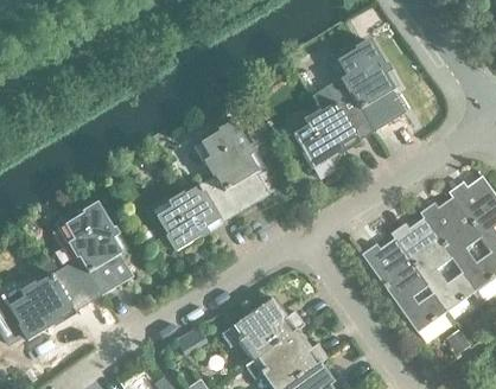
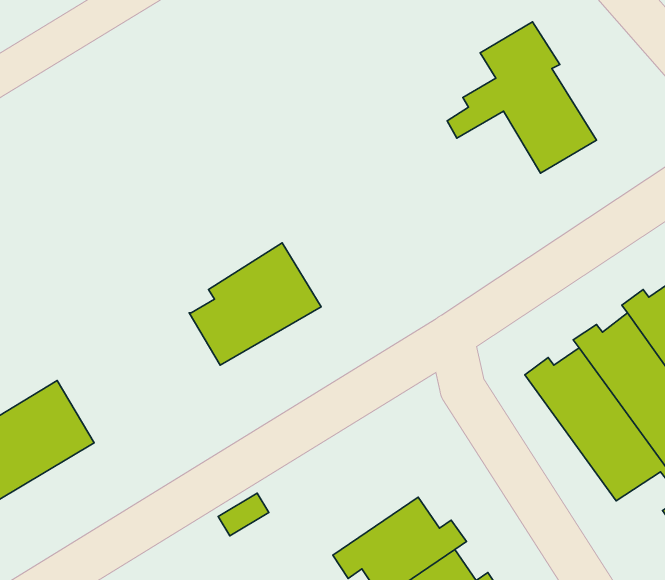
building: [294,93,373,166] -> none
building: [203,121,271,212] -> none
building: [66,202,134,295] -> none
building: [222,295,305,364] -> none

